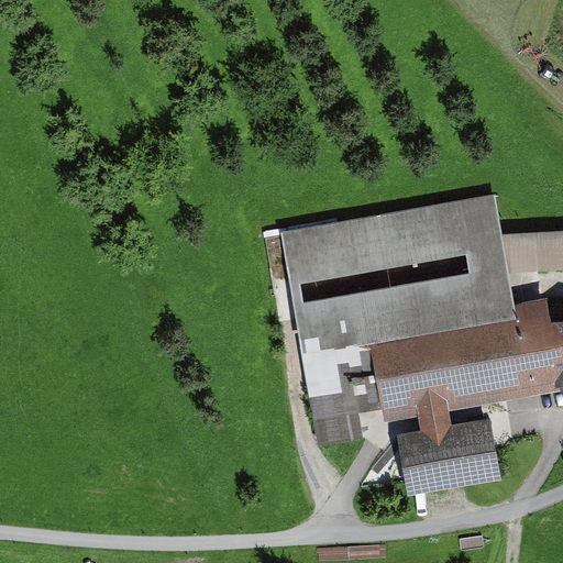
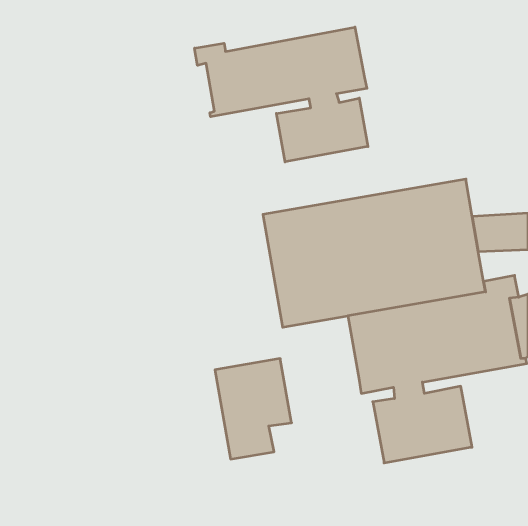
building: none -> [195,27,368,162]
building: [300,339,382,445] -> [215,359,292,459]

